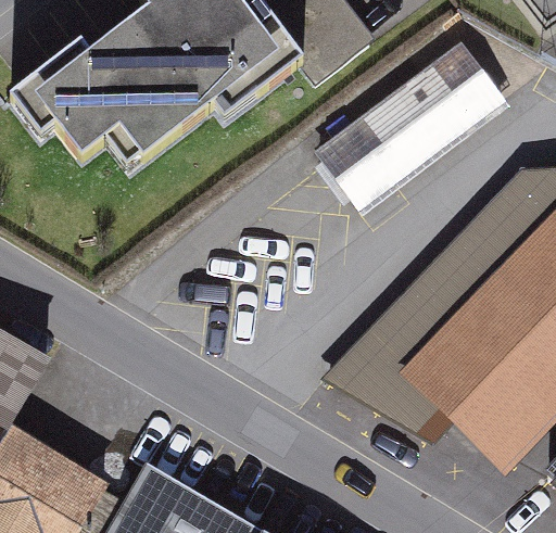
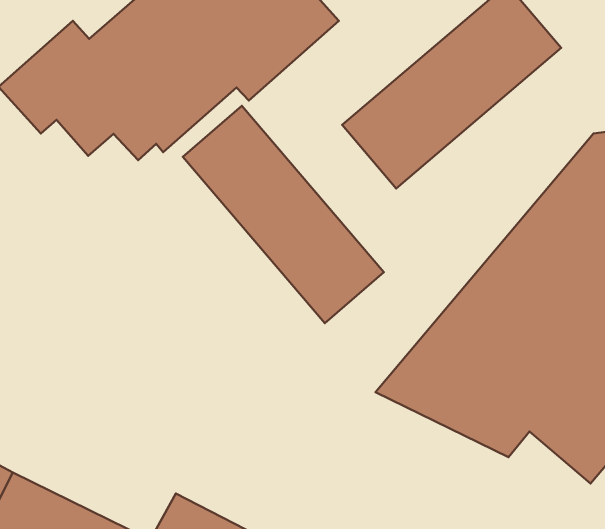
building: none -> [183,106,384,323]

